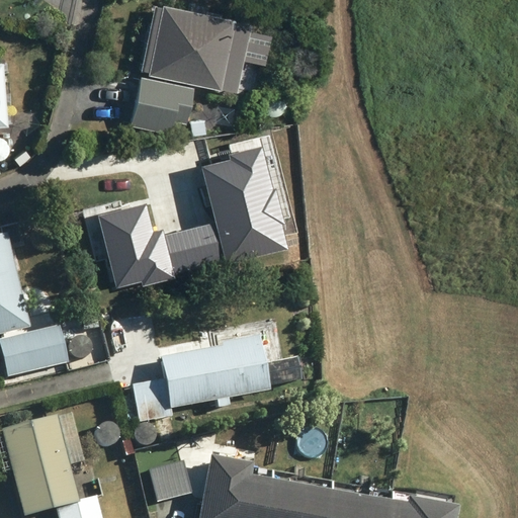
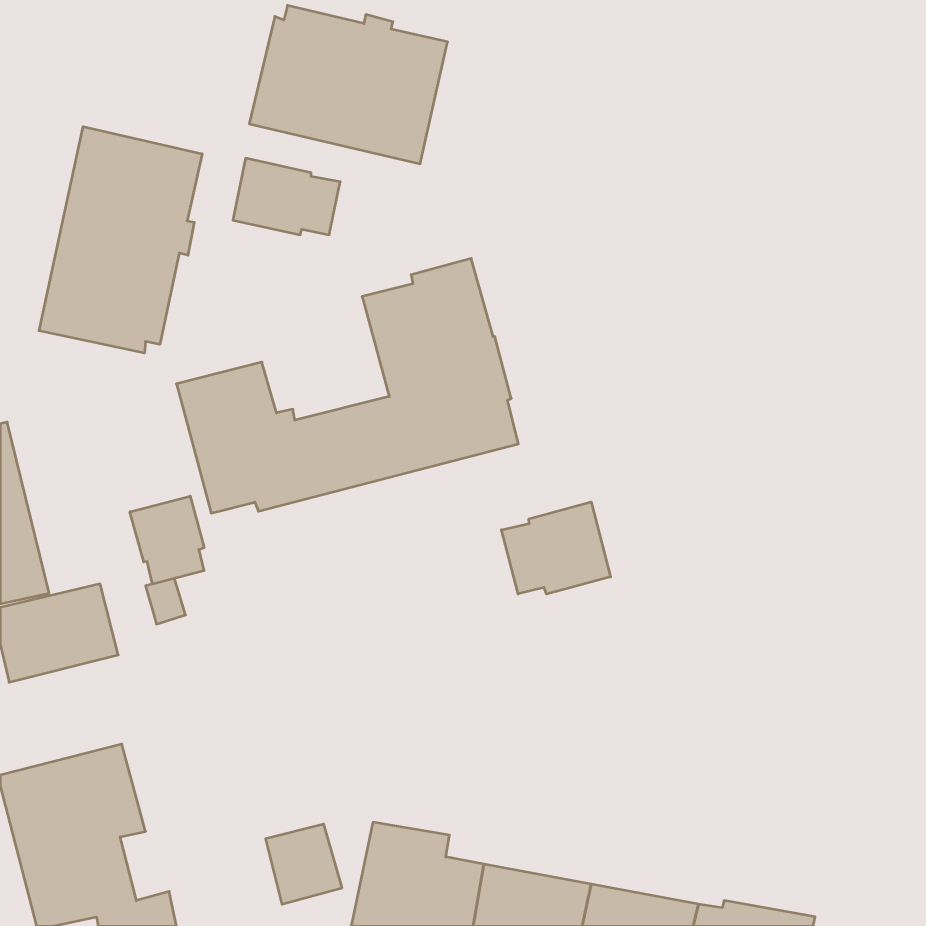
building: none -> [39,127,202,353]
building: none -> [130,496,204,584]
building: none -> [501,502,611,594]
building: [132,337,269,431] -> none

